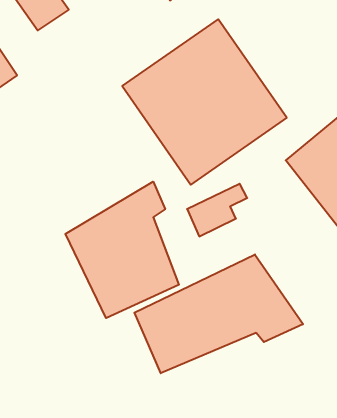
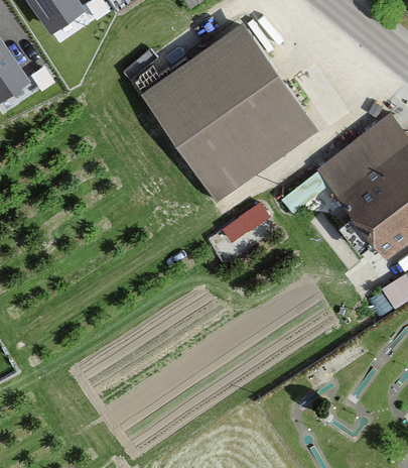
building: [65,182,179,318] -> none
building: [134,254,303,373] -> none

